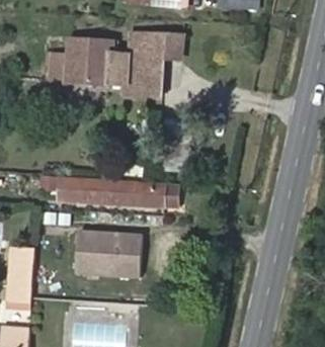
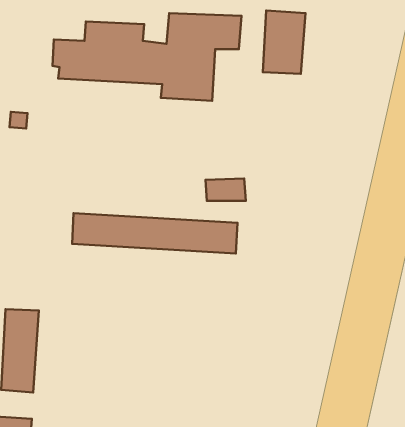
building: none -> [263,10,306,74]
building: [70,230,140,279] -> none

